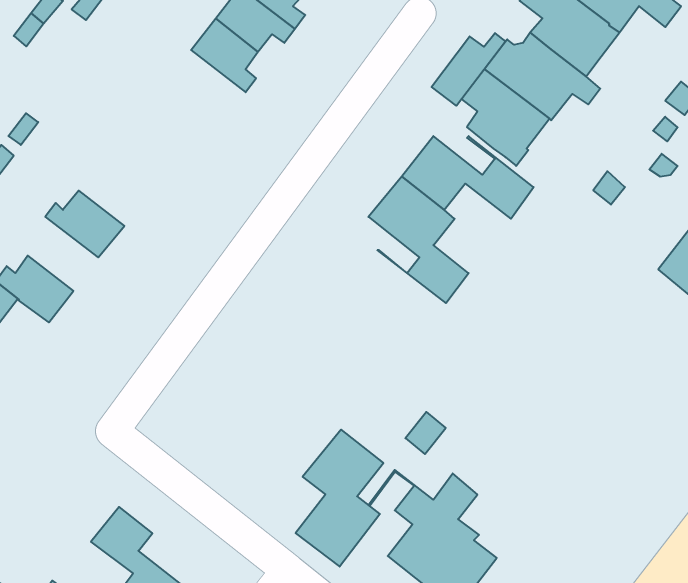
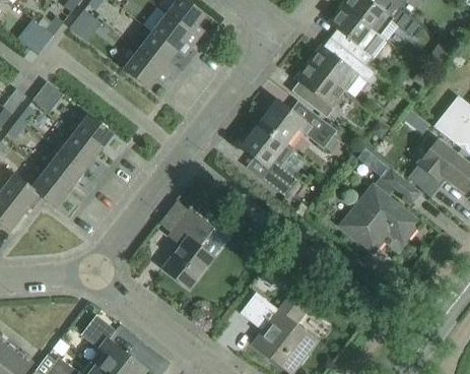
building: [432,33,506,106] -> none
building: none -> [123,51,170,88]
building: none -> [73,111,114,152]
building: none -> [340,140,419,252]
building: none -> [44,147,84,190]
building: [296,430,383,567] -> [163,208,214,288]

